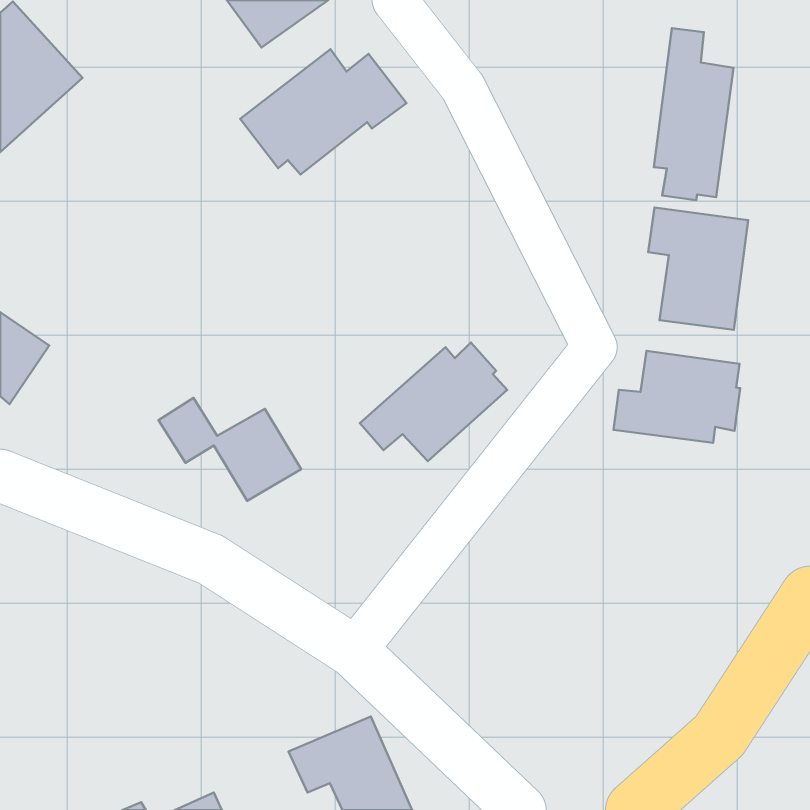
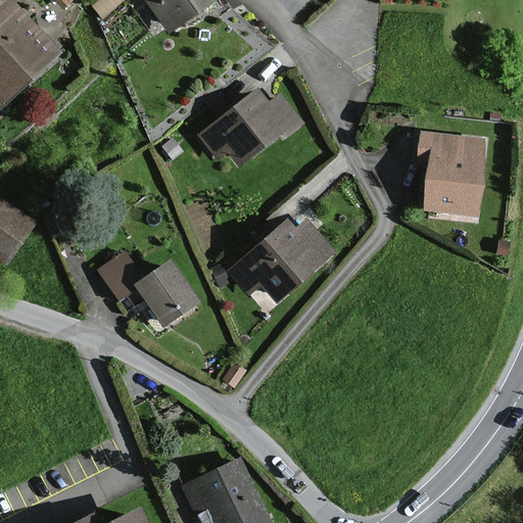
building: [654,28,734,200] -> none
building: [240,49,407,174] -> [195,91,302,172]
building: [614,351,740,443] -> none

